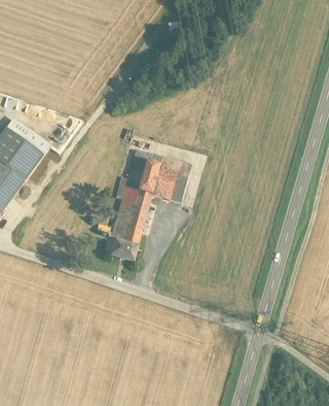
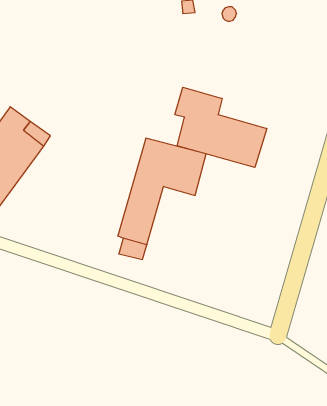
building: none -> [175,87,267,167]

